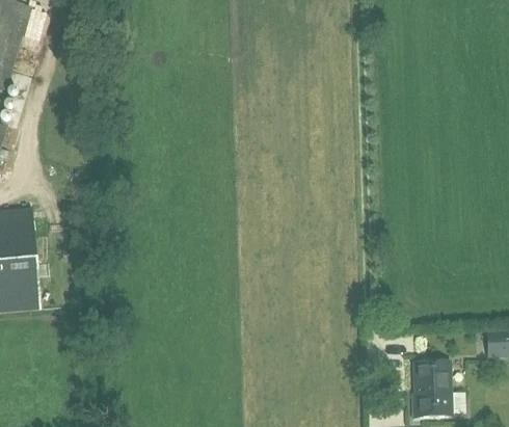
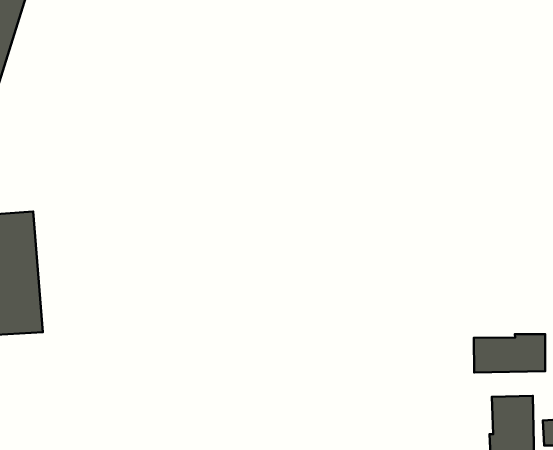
building: none -> [474,334,545,372]

